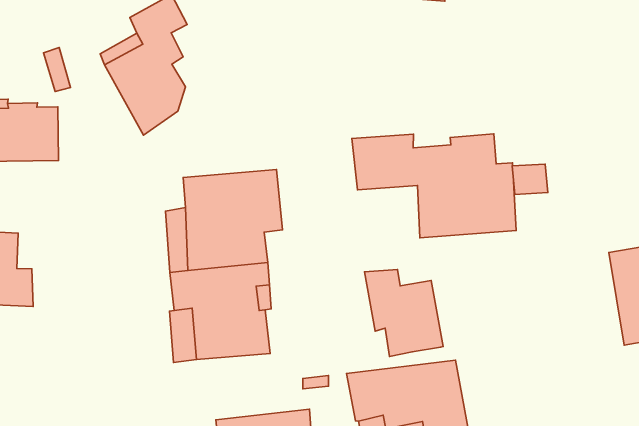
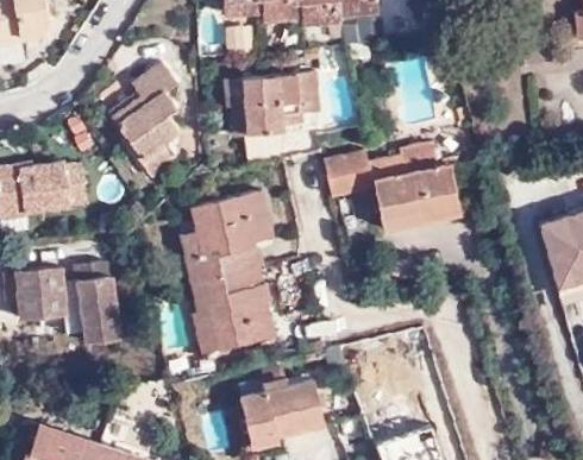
building: none -> [225,74,321,137]
building: none -> [75,264,121,342]
building: [365,269,443,357] -> none

